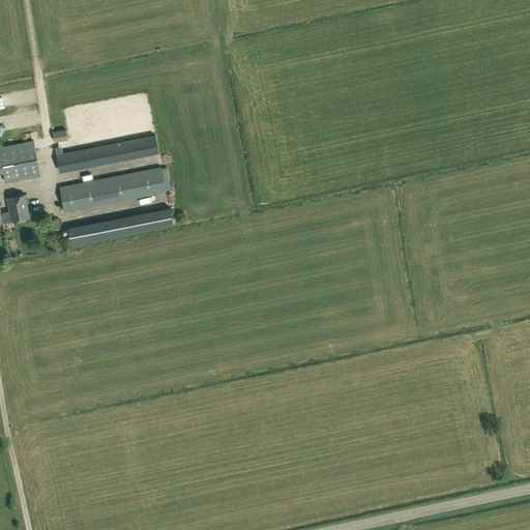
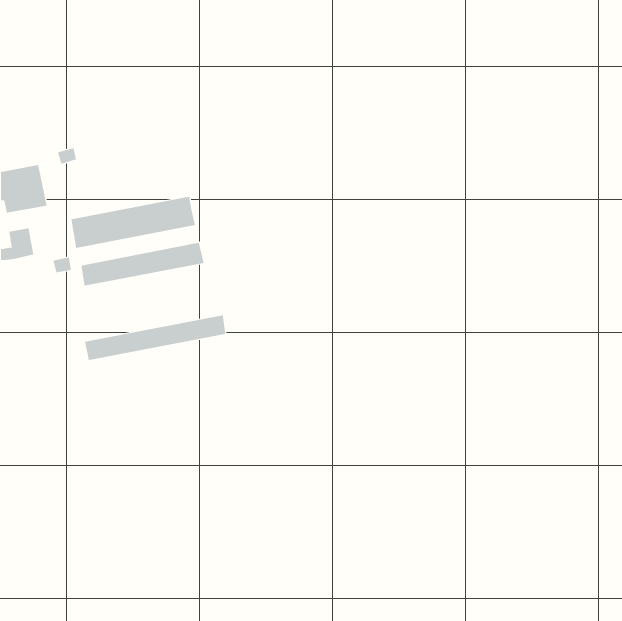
building: [55,135,158,173] -> none
building: none -> [84,314,226,361]

